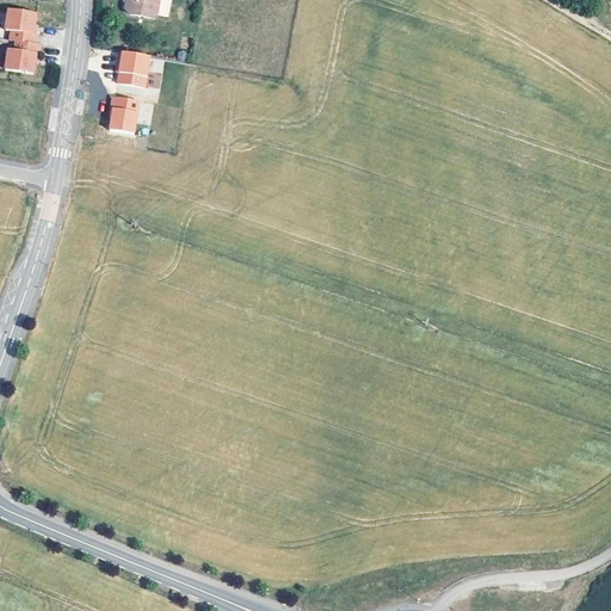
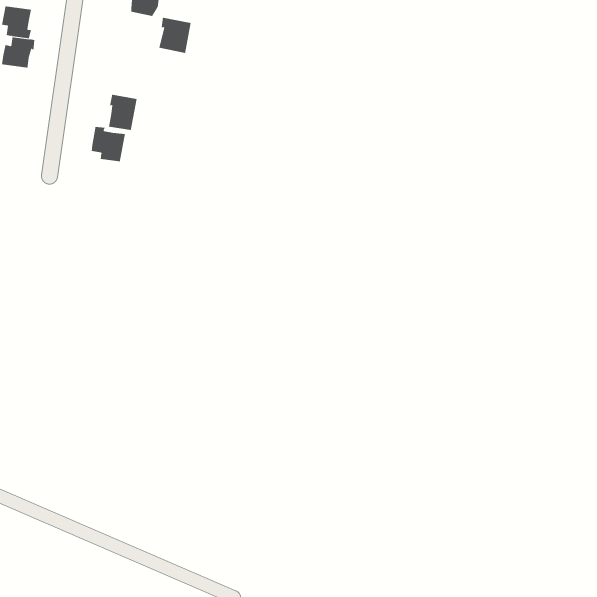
building: [118,50,152,87] -> [159,17,192,54]
building: none -> [91,126,125,162]

